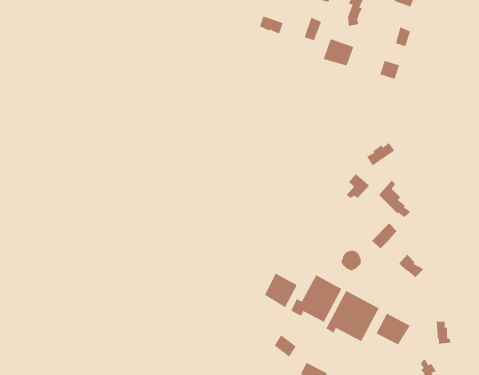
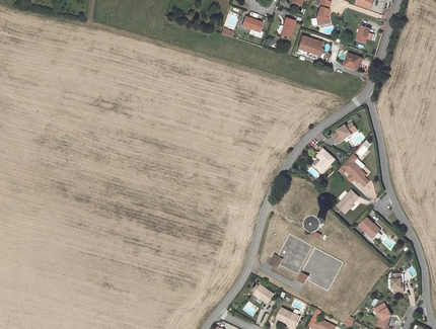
building: [264,273,298,308] -> none
building: [376,313,410,345] -> none

